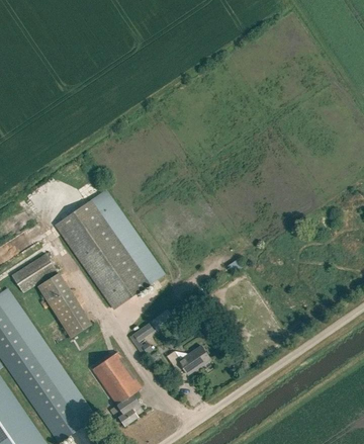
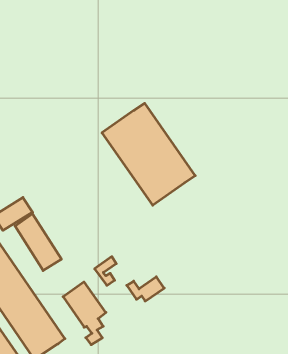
building: [55,190,163,308] -> [102,103,195,205]

